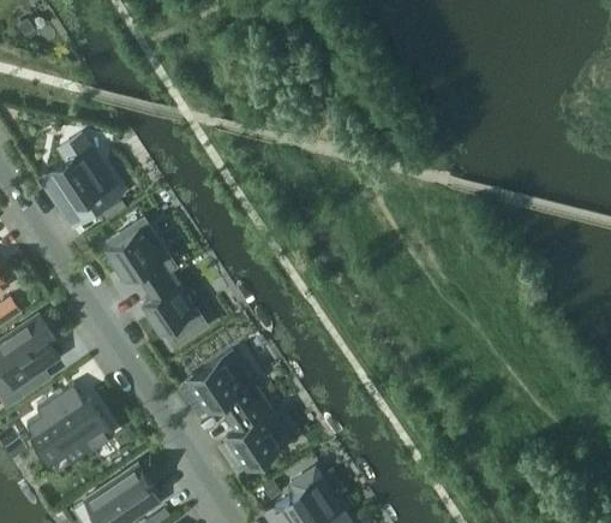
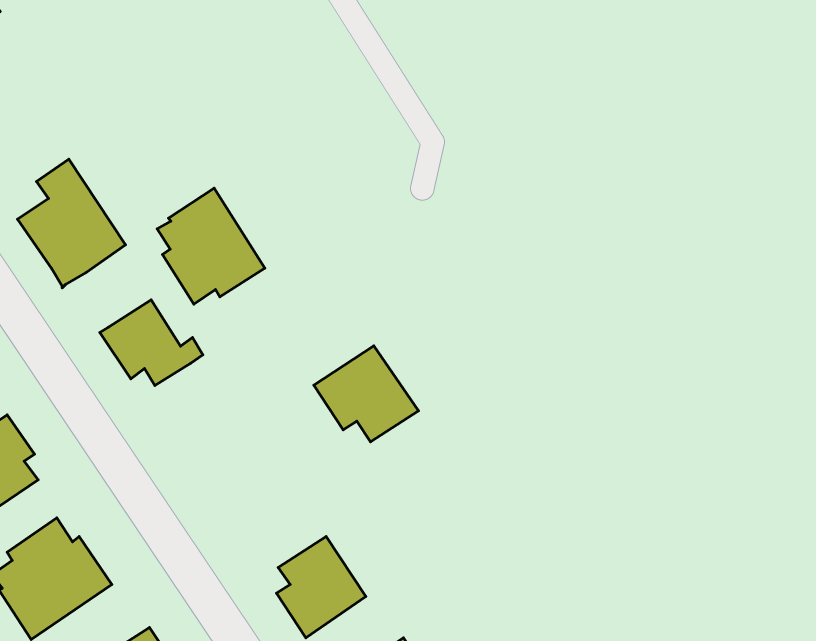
building: none -> [157,188,265,304]
building: [142,277,197,343] -> none
building: [190,352,263,420] -> [314,346,419,442]

